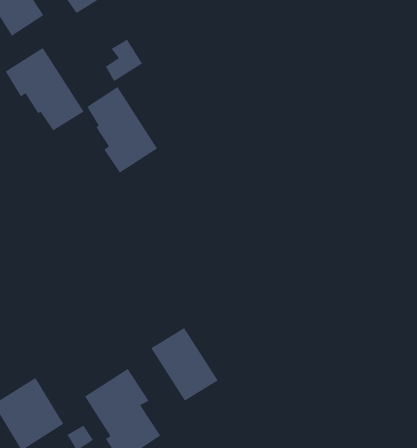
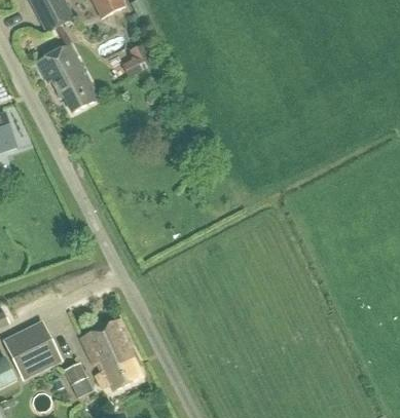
building: [87,86,158,174] -> none
building: [150,327,219,402] -> none

